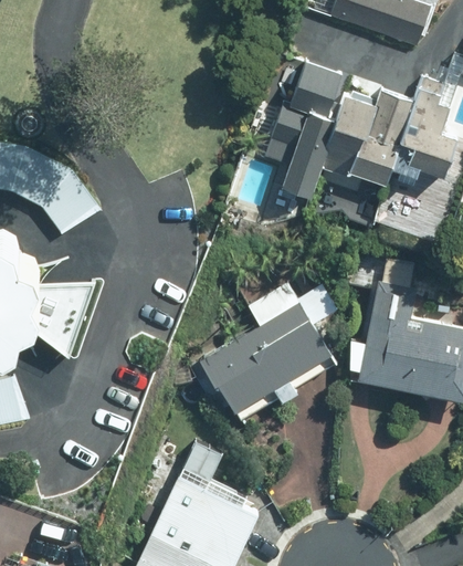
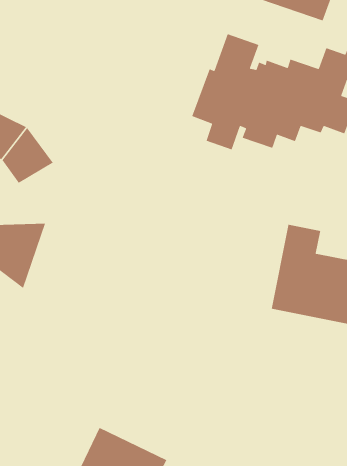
building: [198,282,337,422] -> none
building: [157,441,257,557] -> none

